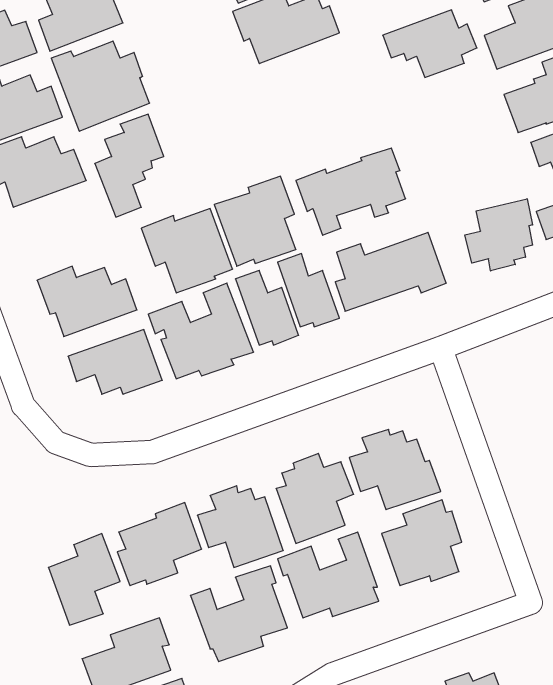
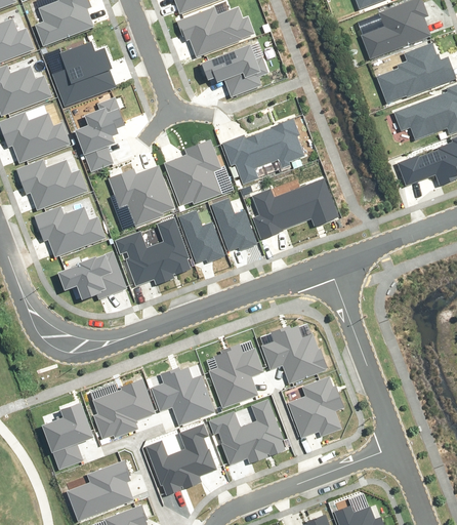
building: [383,10,477,77] -> [200,44,268,93]
building: [465,199,533,271] -> none
building: none -> [16,159,89,210]

